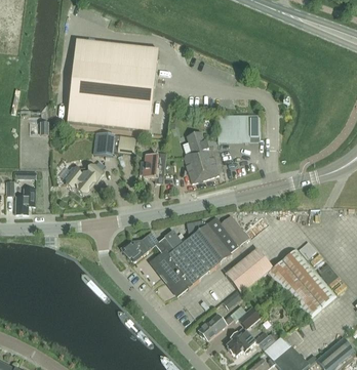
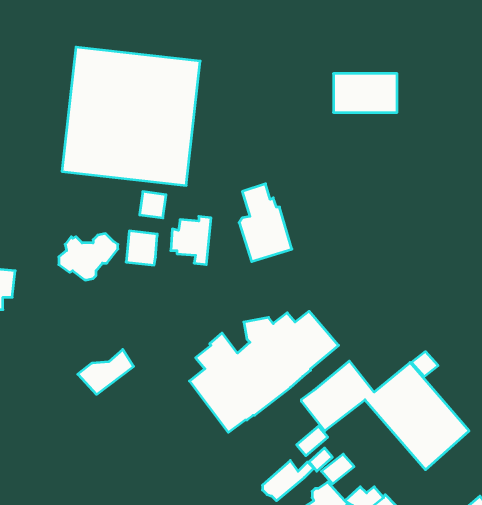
building: [217,115,260,140] -> [333,74,397,112]
building: [93,132,114,155] -> [126,231,157,265]
building: [120,232,157,261] -> [78,349,134,394]

